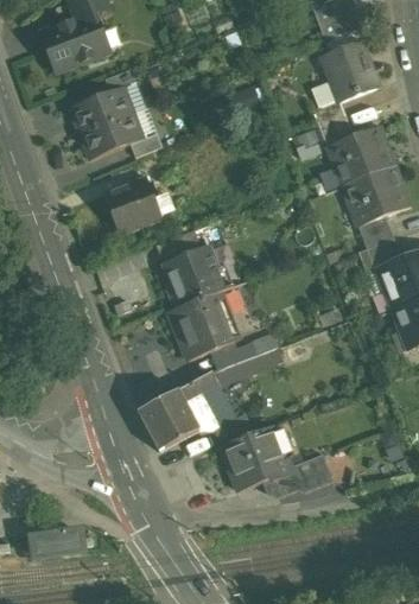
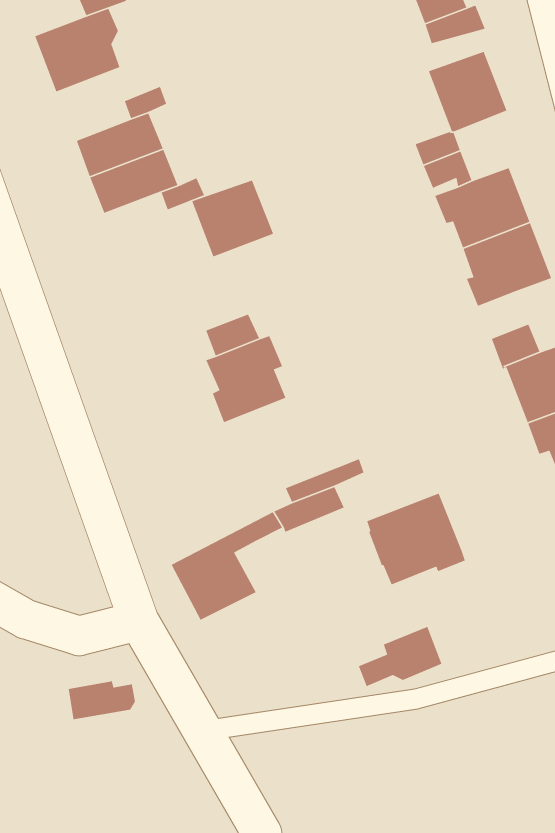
building: [103,178,163,234] -> [191,179,274,257]
building: [358,215,394,248] -> none
building: [169,291,234,360] -> none
building: [199,383,236,426] -> none
building: [221,425,292,491] -> [366,493,466,586]
building: [32,528,81,557] -> [68,680,136,720]

